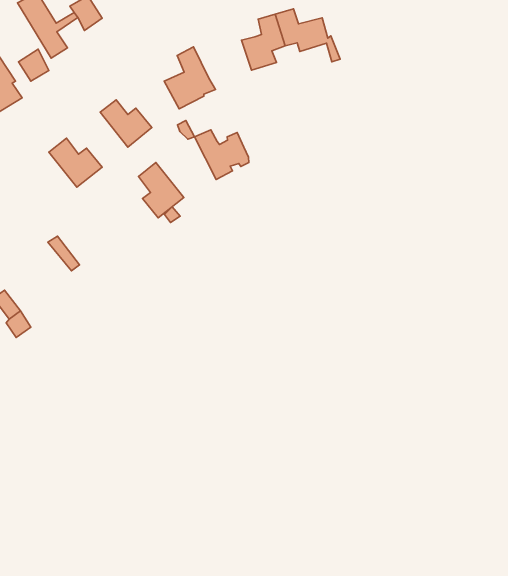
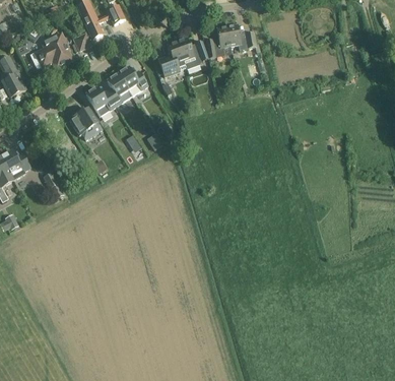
building: [194,130,249,180] -> [177,38,207,67]
building: [138,162,184,218] -> [107,73,132,106]
building: none -> [69,108,102,139]

